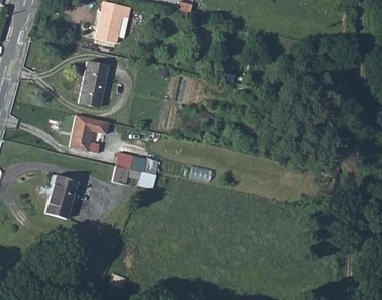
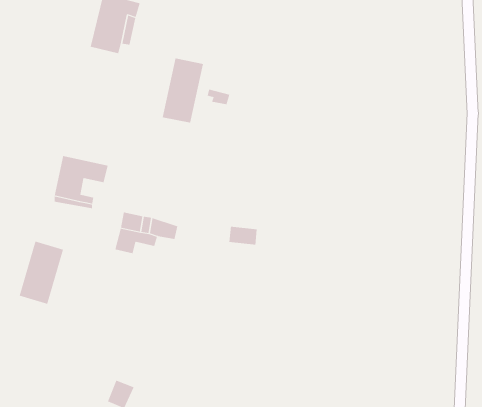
building: [80,61,109,106] -> [162,58,204,123]

